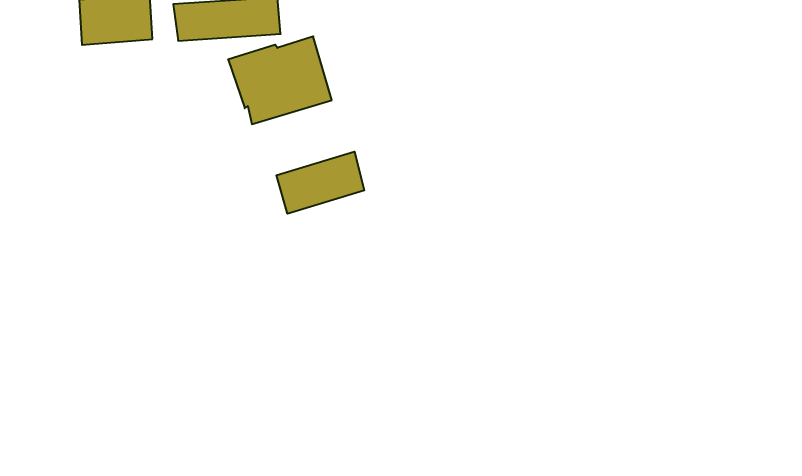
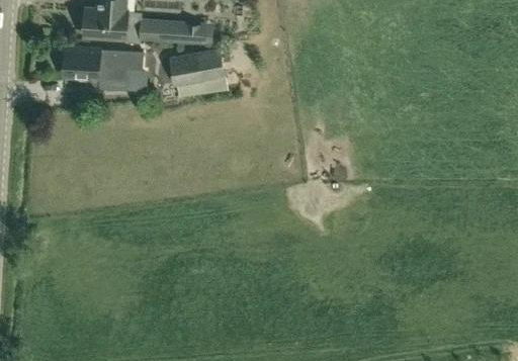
building: none -> [64,48,143,80]
building: [276,152,364,214] -> none

